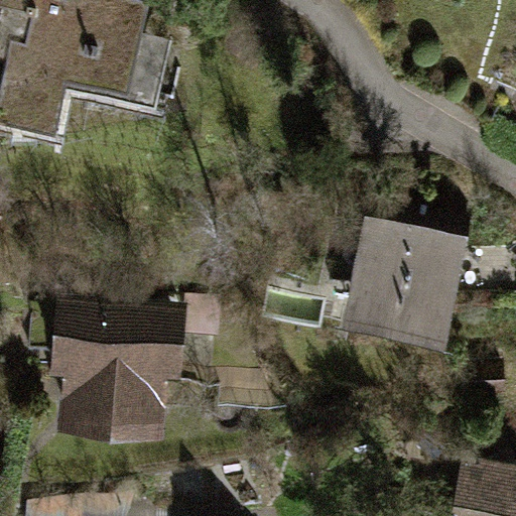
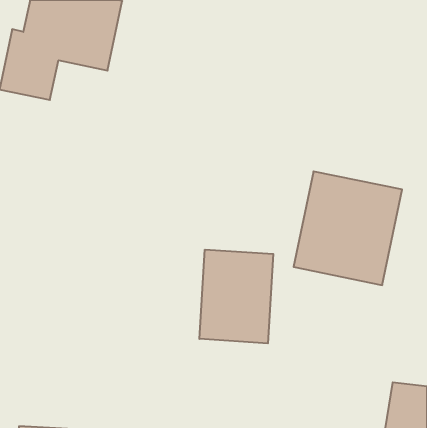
building: [46,299,183,443] -> none
building: none -> [199,250,273,343]

